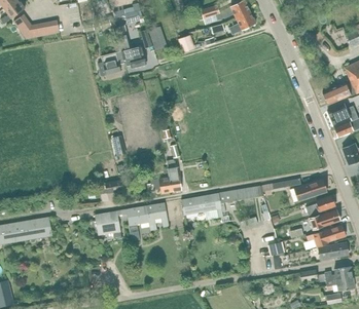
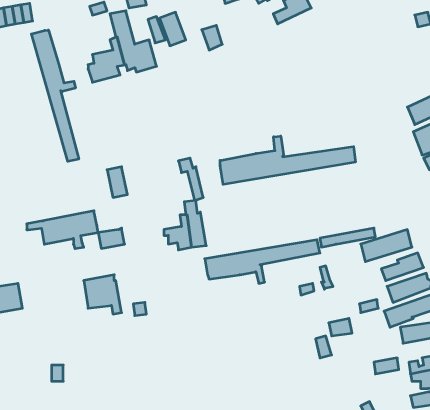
building: none -> [31,30,79,161]
building: none -> [220,136,355,184]
building: [117,201,168,228] -> [27,211,98,249]

